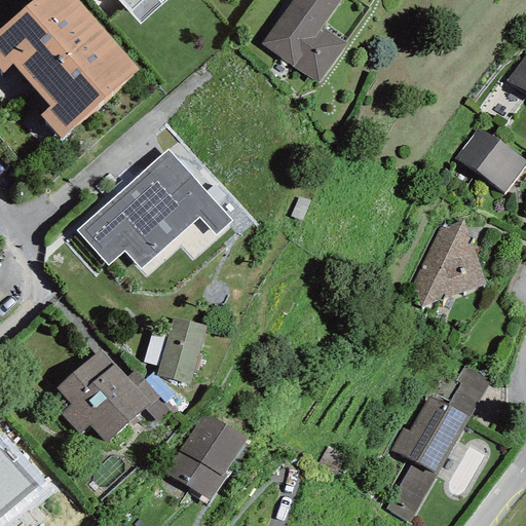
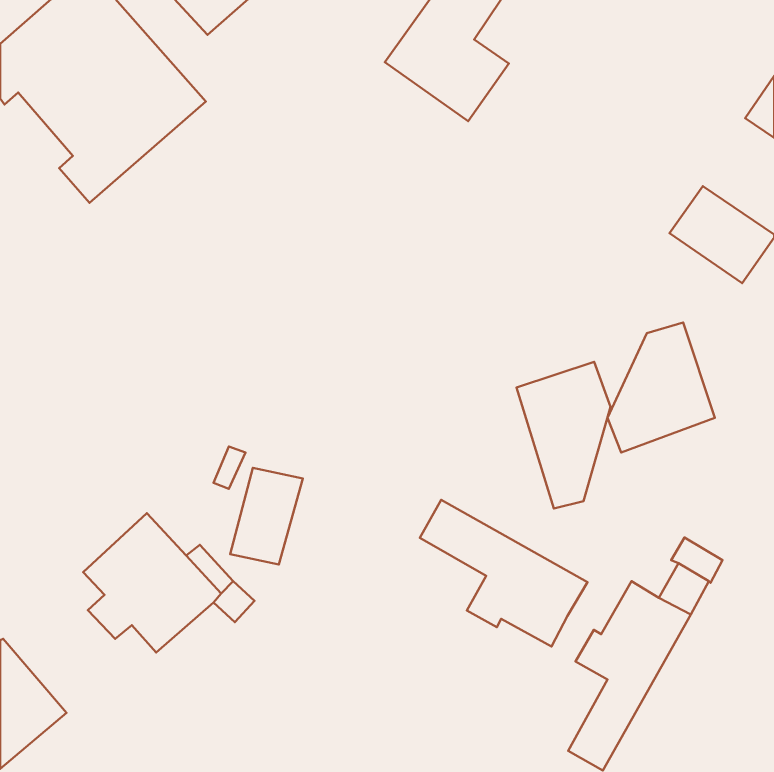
building: [77,149,231,268] -> none
building: none -> [516,362,611,509]
building: none -> [420,500,588,647]
building: [163,412,247,500] -> none

